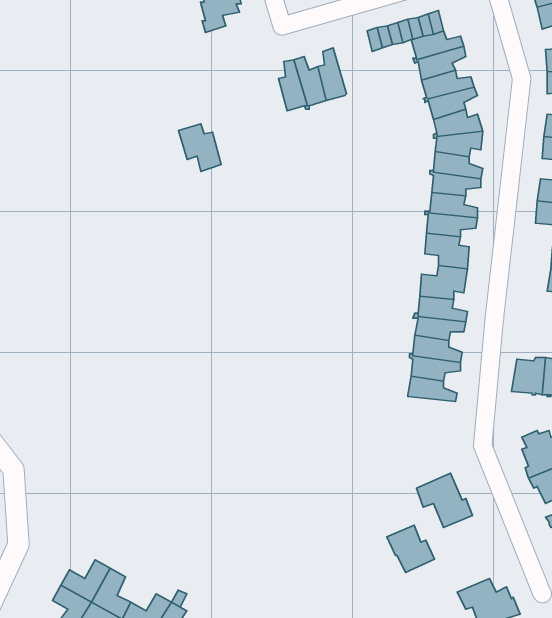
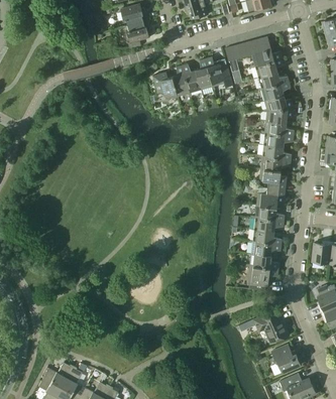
building: none -> [205,56,232,89]
building: [179,124,221,171] -> [152,72,178,100]
building: none -> [247,264,277,286]
building: [387,525,434,573] -> [271,345,300,373]

